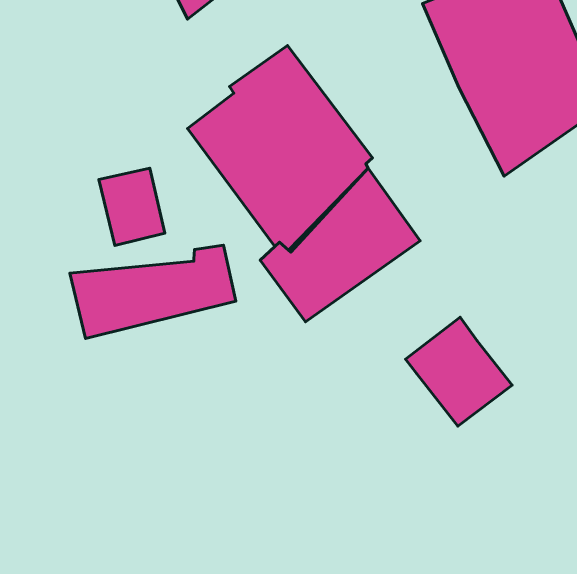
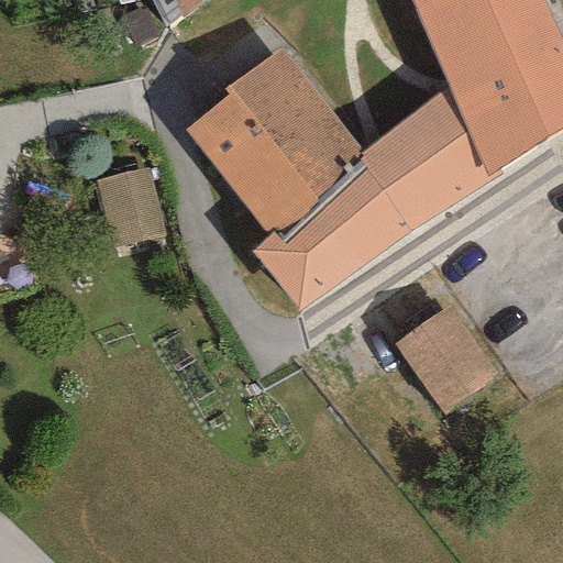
building: none -> [357,85,492,233]
building: [70,245,236,339] -> none

